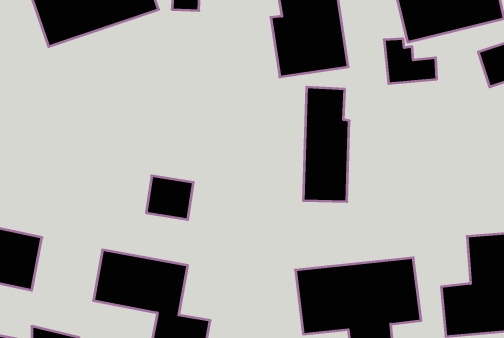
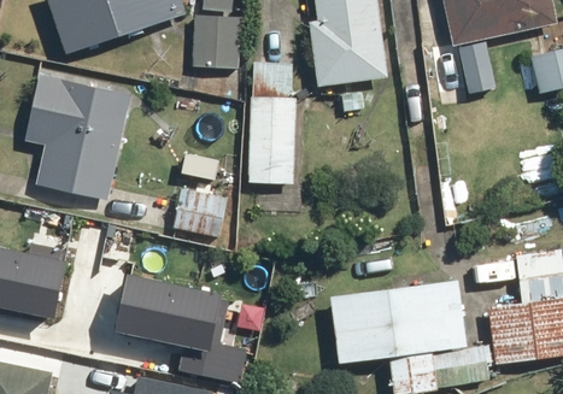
building: none -> [188,17,239,72]
building: none -> [23,72,130,202]
building: [303,87,349,202] -> [247,63,297,186]

